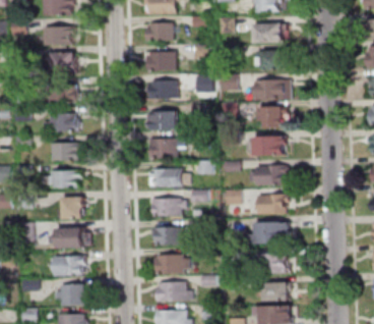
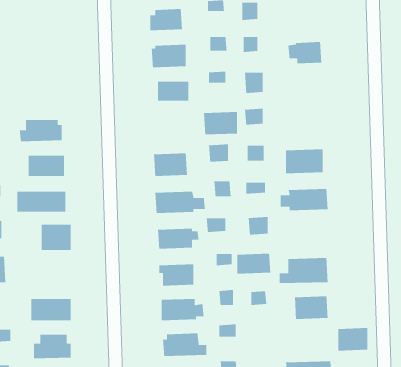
building: [254,23,283,42] -> none
building: [43,24,74,44] -> none
building: [50,51,76,69] -> none
building: [254,79,291,100] -> none
building: [48,85,76,101] -> none
building: [259,106,288,128] -> none
building: [149,111,177,130] -> [203,111,238,135]
building: [258,196,286,213] -> [237,253,271,274]
building: [51,226,87,245] -> none
building: [264,281,289,301] -> [337,327,368,352]

